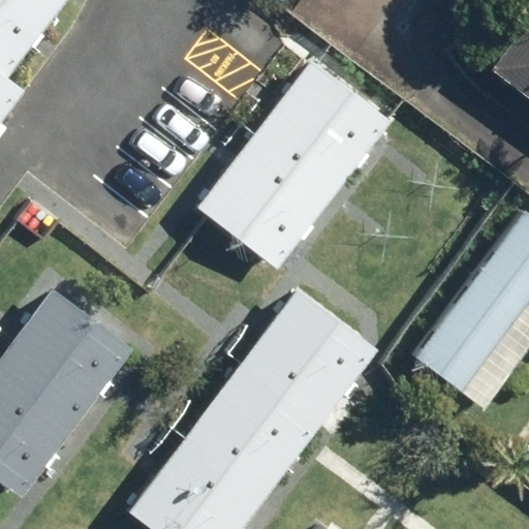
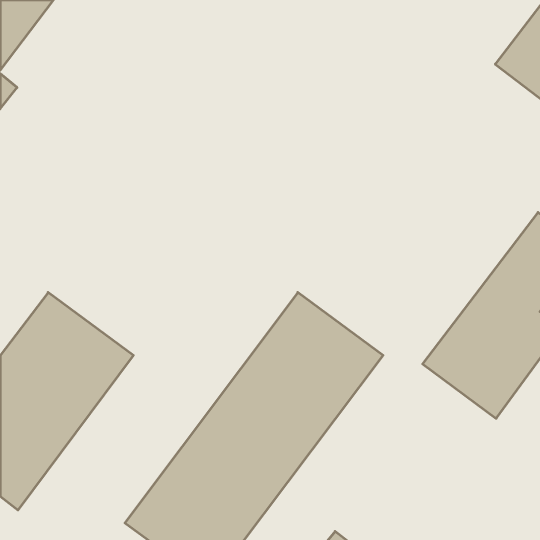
building: [197,58,394,271] -> none

